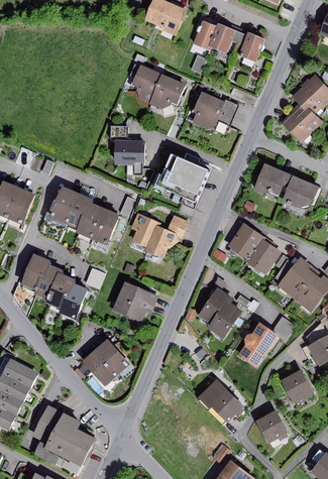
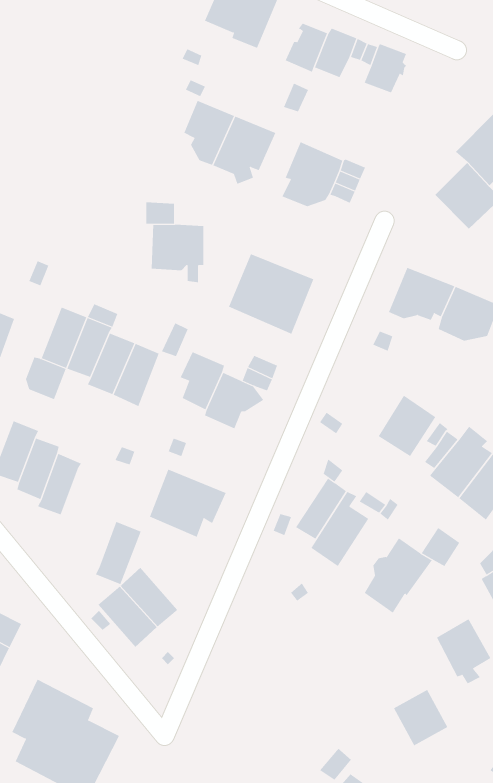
building: [227,223,262,259] -> none
building: [59,281,86,319] -> [95,521,141,585]
building: [197,379,244,422] -> none

